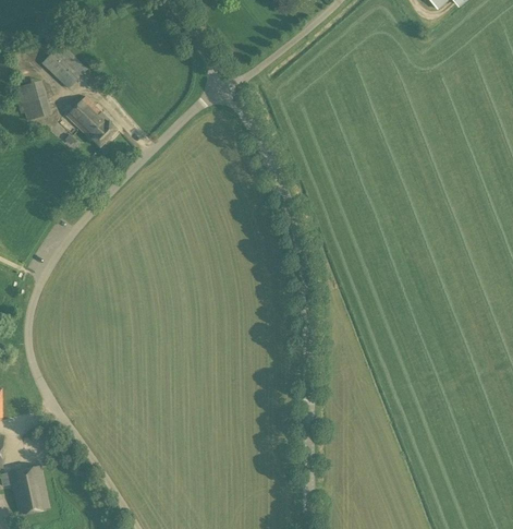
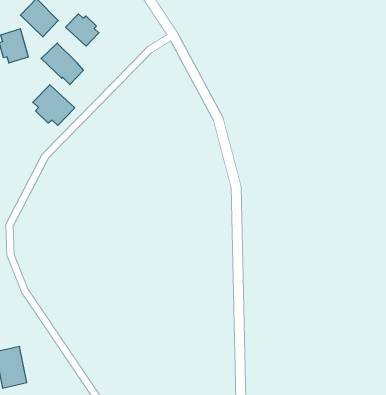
building: none -> [66,14,99,46]
building: none -> [33,85,75,125]

